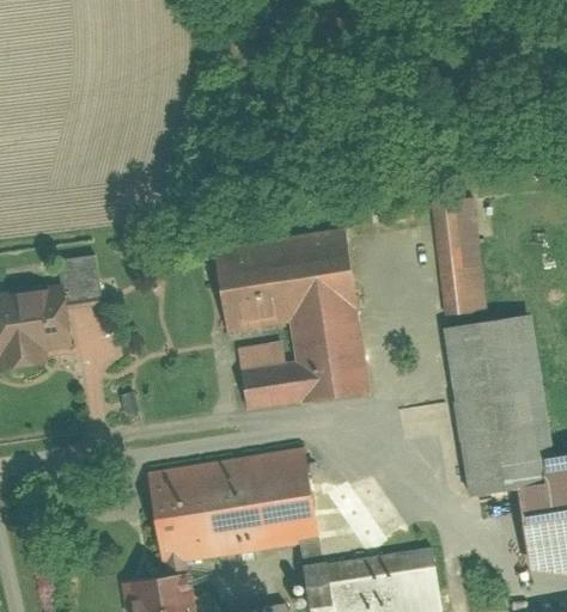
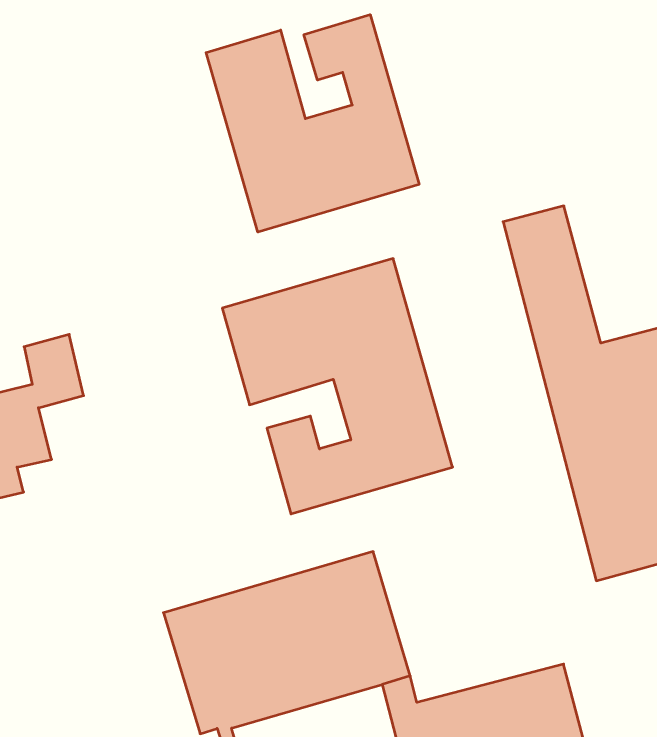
building: none -> [206,15,419,232]

